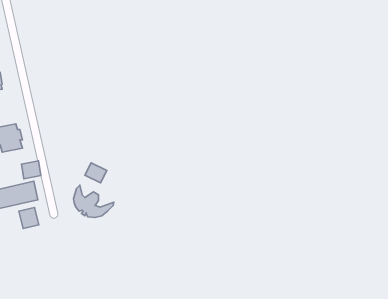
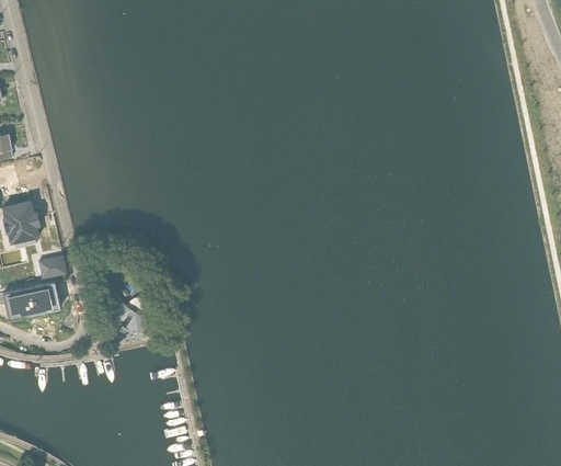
building: [85,163,107,183] -> none
building: [19,208,39,229] -> none

